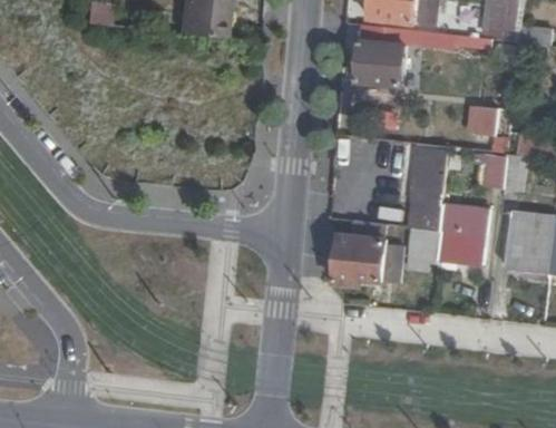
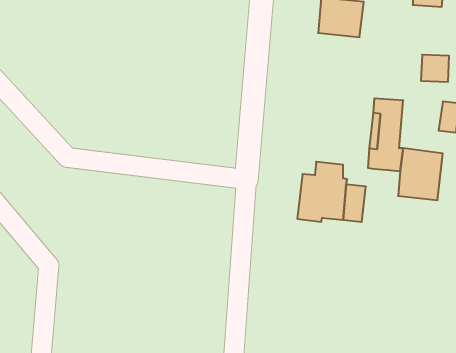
building: [410,226,441,262] -> none

